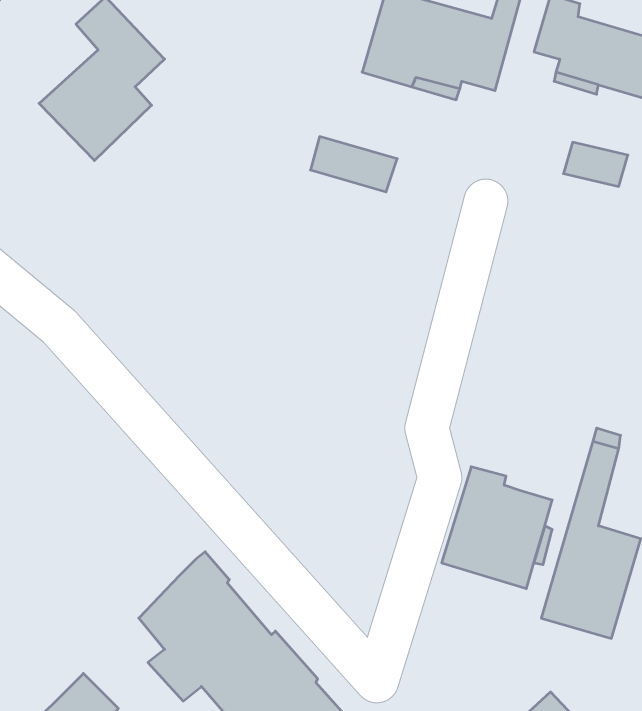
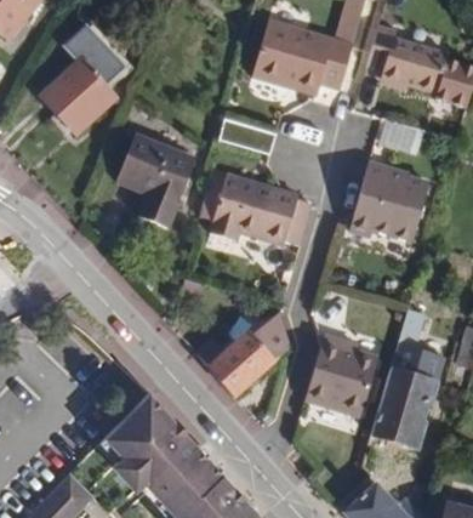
building: none -> [116,135,195,228]
building: none -> [349,165,429,240]
building: none -> [199,173,310,244]
building: none -> [195,313,289,394]

